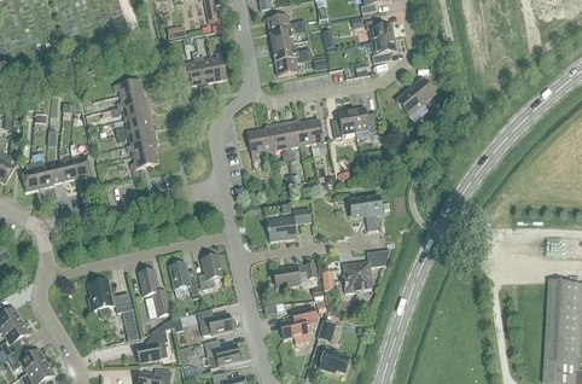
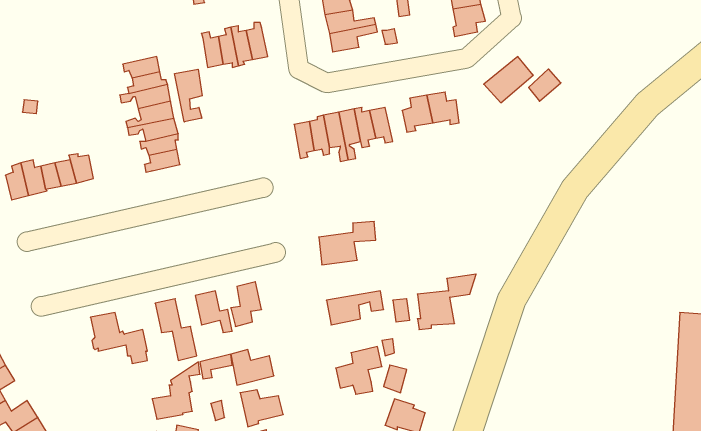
building: none -> [175,69,202,122]
building: [350,194,382,231] -> none

